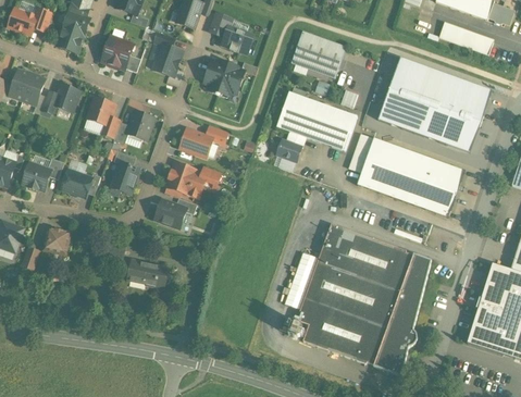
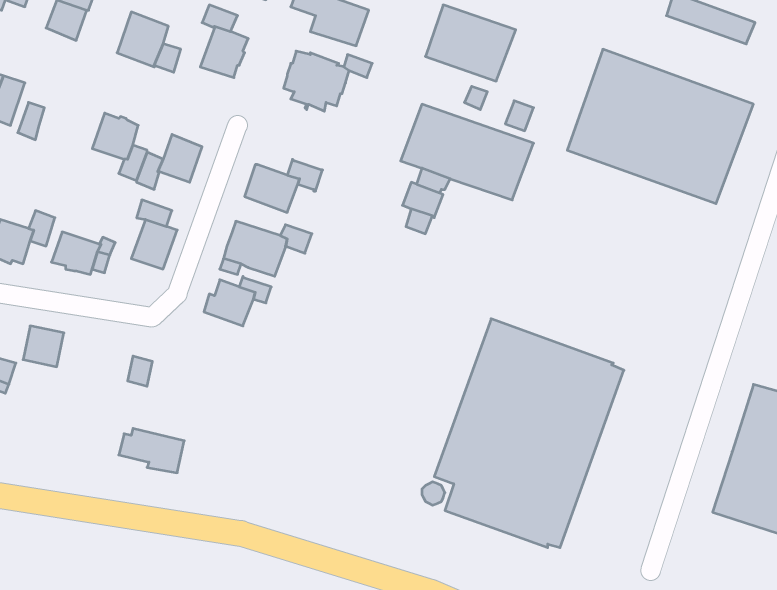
building: [53,84,78,111] -> none
building: [357,137,464,216] -> none
building: [372,252,431,375] -> none
building: [127,260,168,287] -> [119,428,184,473]

